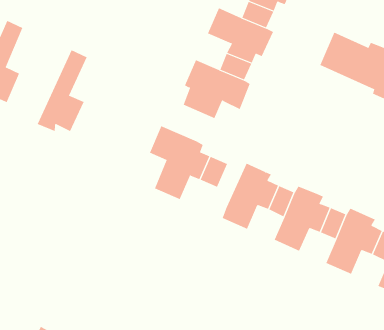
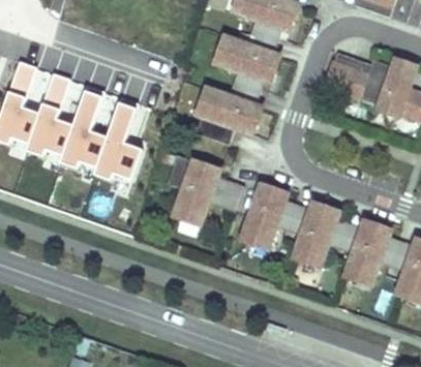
building: none -> [25,75,69,156]
building: none -> [90,98,133,180]

